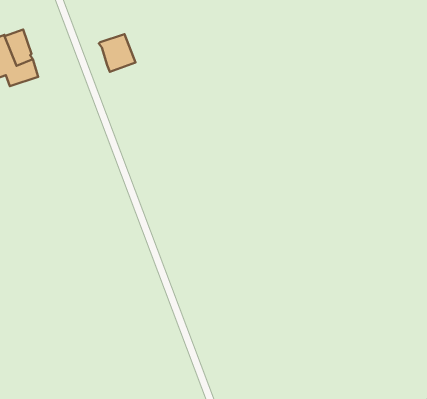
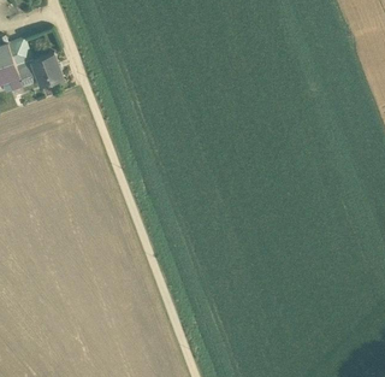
building: [99,34,135,72] -> [29,53,61,87]

